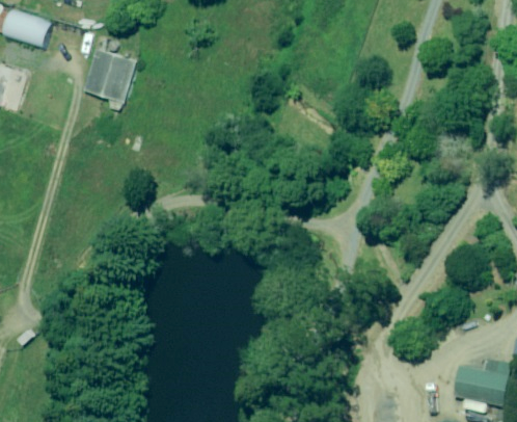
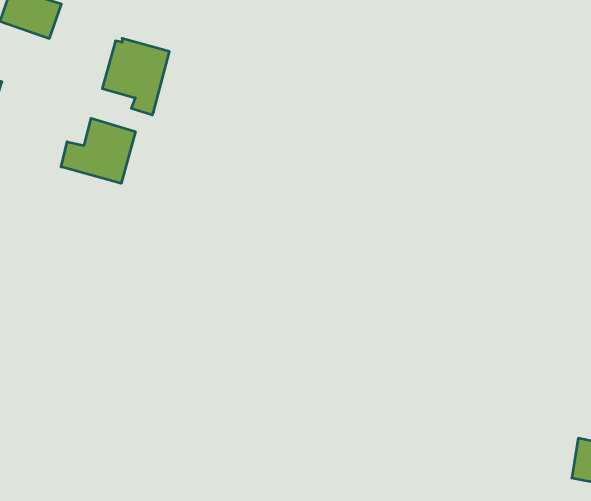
building: none -> [61,118,135,183]

